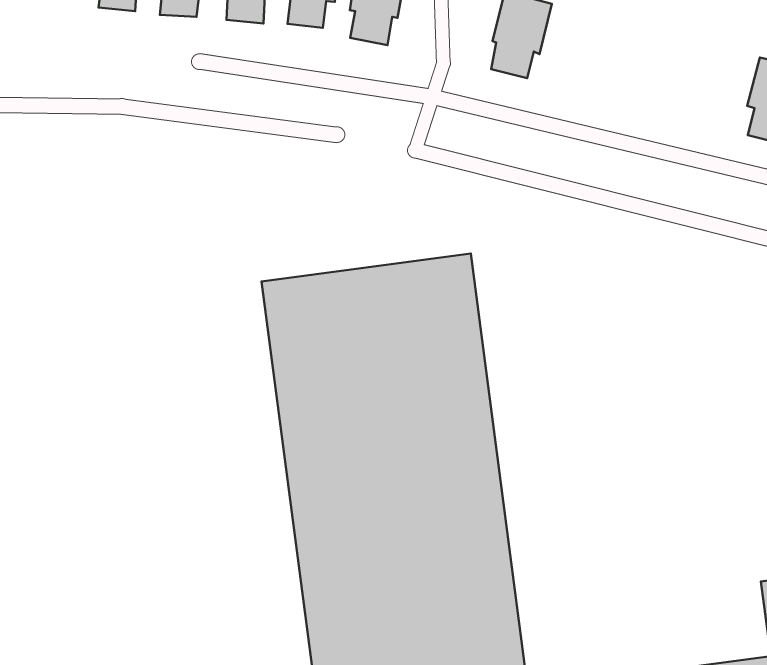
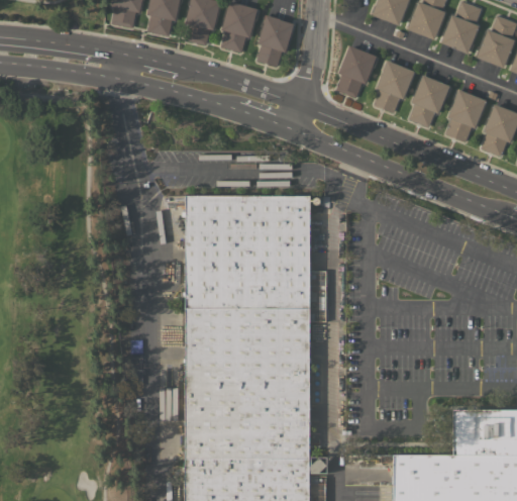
building: none -> [374,61,415,113]
building: none -> [409,75,449,128]
building: none -> [445,90,486,141]

